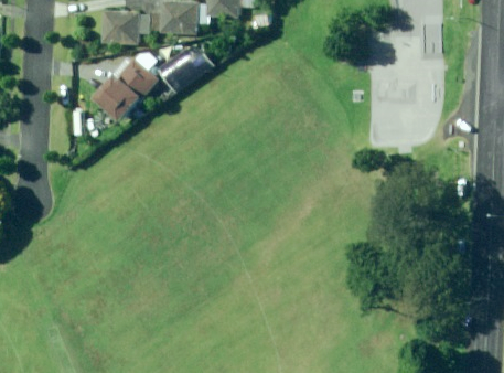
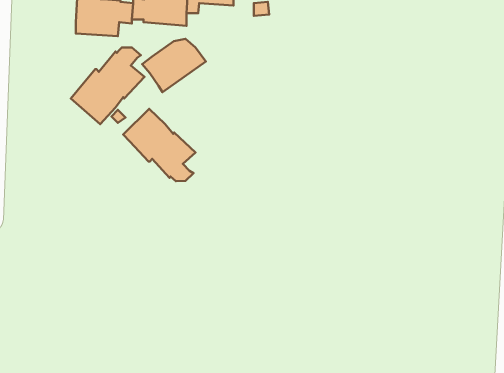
building: none -> [123,109,195,181]

